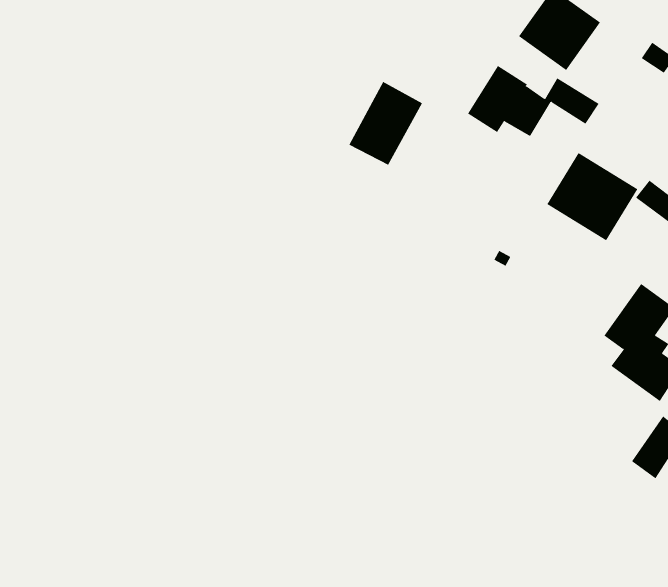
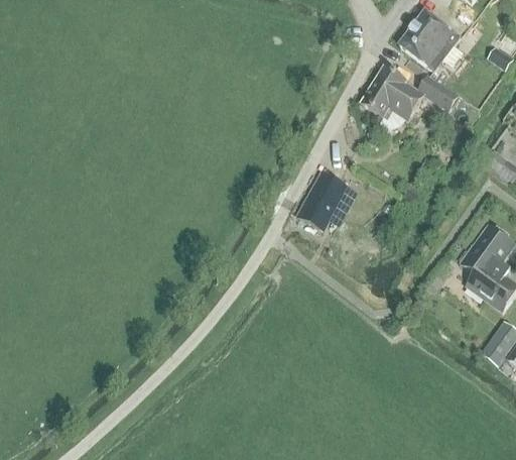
building: [349,81,423,165] -> [296,170,351,232]
building: [547,152,638,241] -> none

